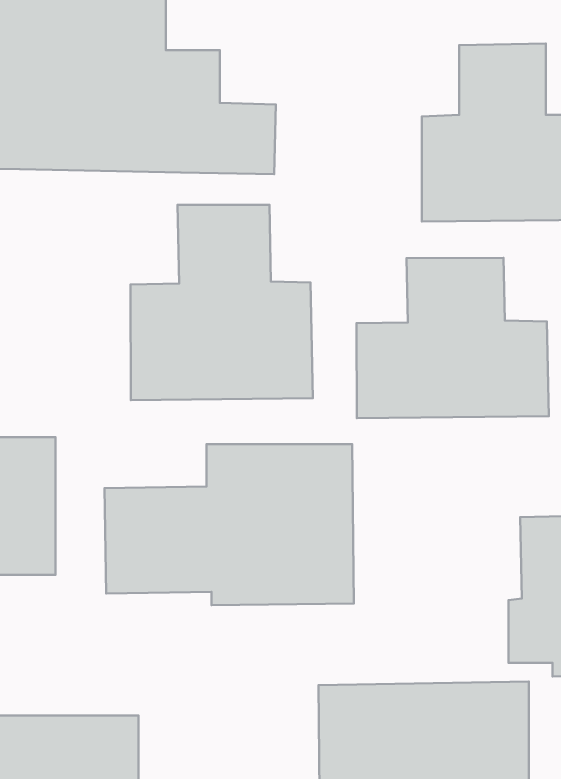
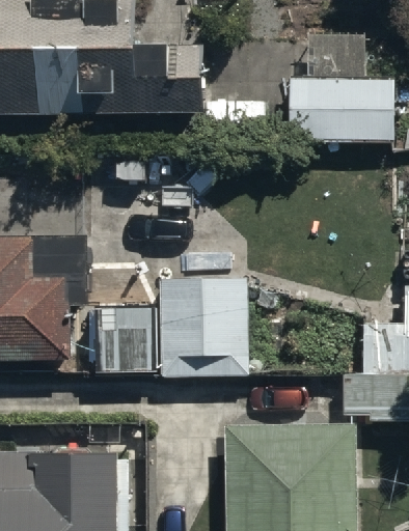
building: [130,205,313,400] -> none
building: [357,258,549,418] -> none

